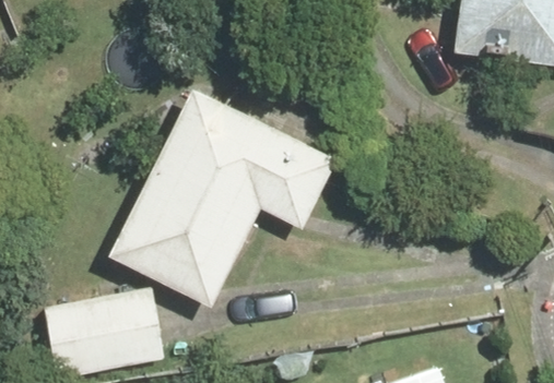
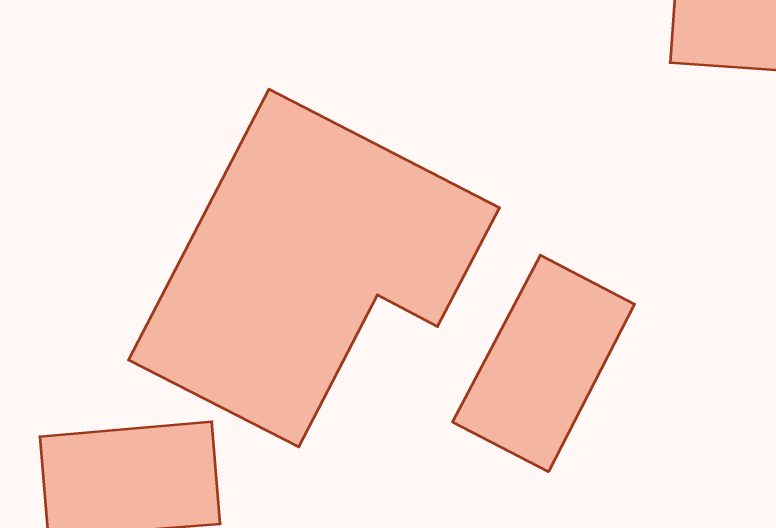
building: none -> [453,255,635,472]

